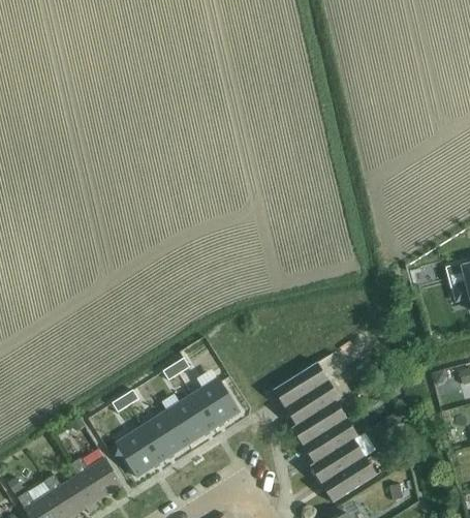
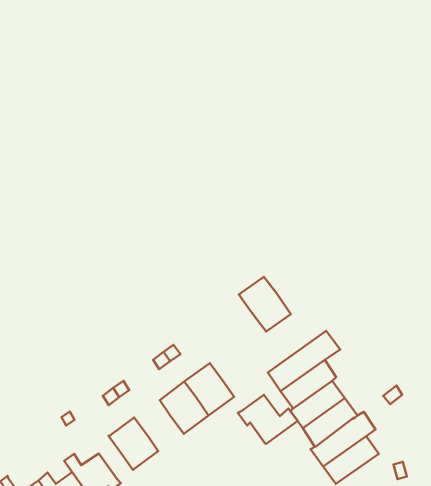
building: none -> [239,277,291,332]
building: [142,410,189,460] -> none
building: none -> [238,395,298,444]

